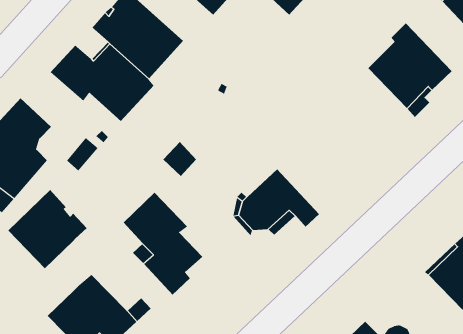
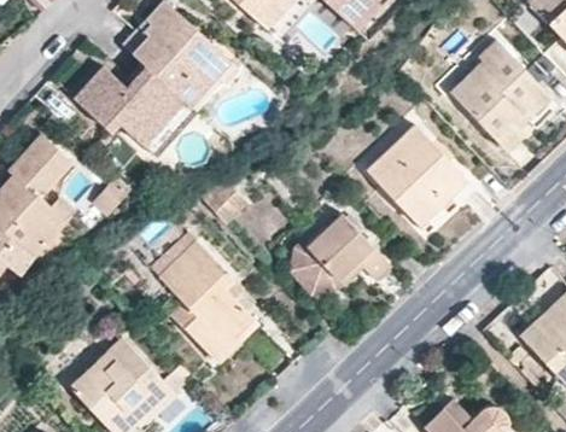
building: none -> [364,123,474,233]
building: [7,189,88,269] -> none

